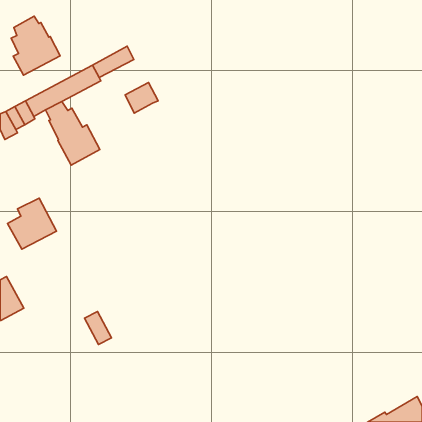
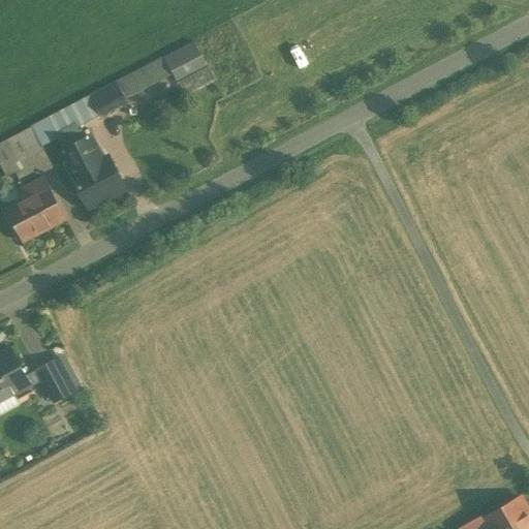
building: [11,16,60,75] -> none
building: [125,83,158,113] -> [164,41,206,80]
building: [8,198,56,249] -> [5,177,66,241]
building: [84,311,112,344] -> [37,360,71,401]

